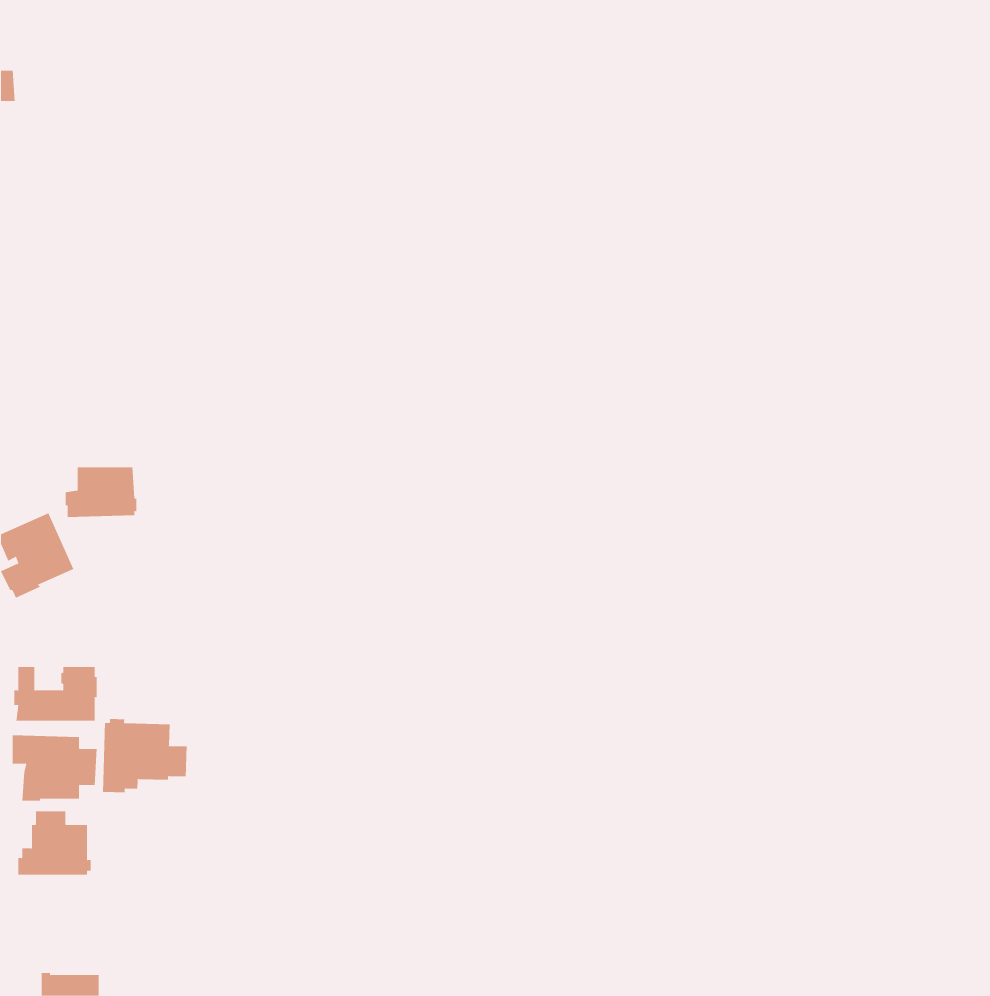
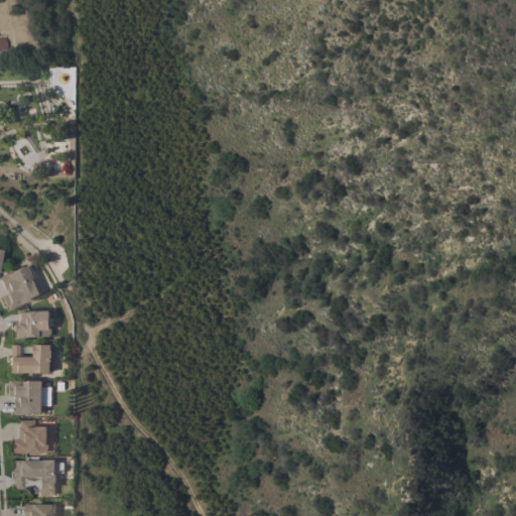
building: [65,467,137,518] -> [15,311,52,338]
building: [102,718,187,793] -> none
building: none -> [15,460,58,496]

